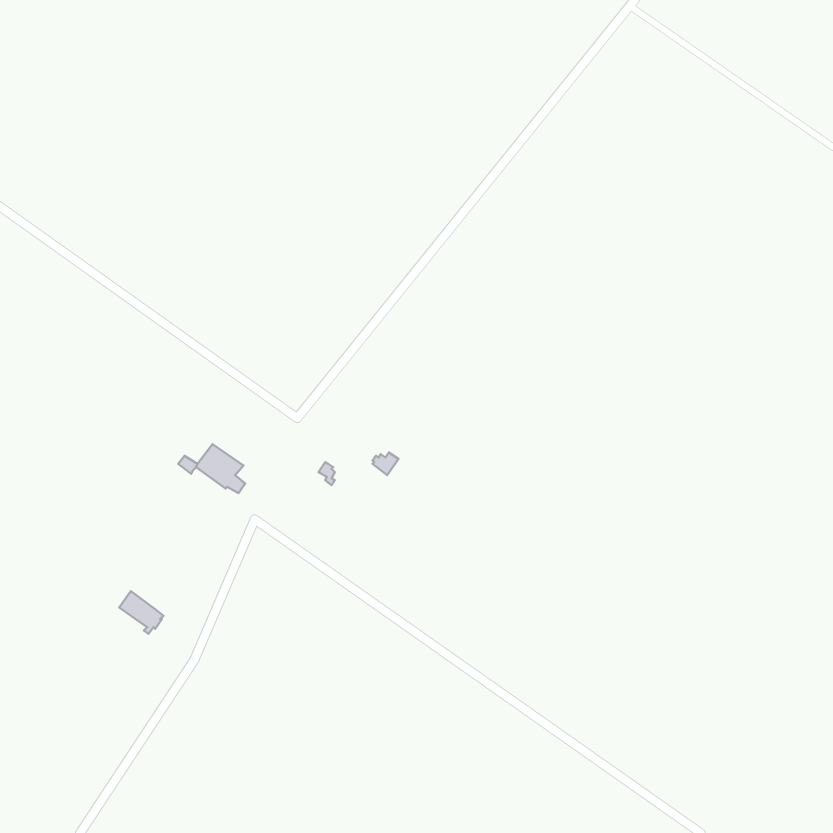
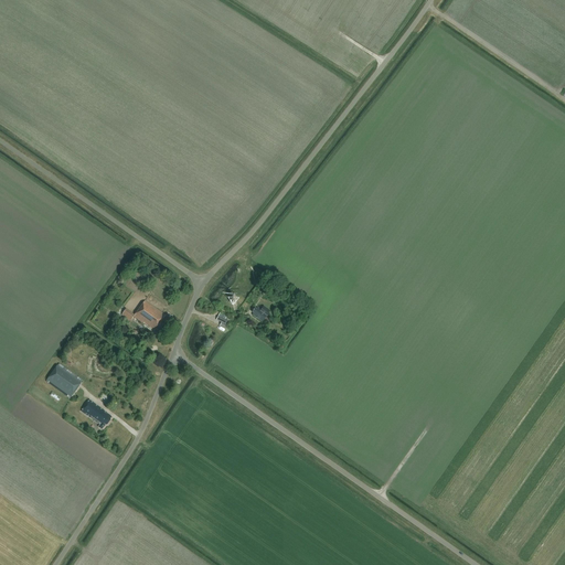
building: none -> [45,364,81,396]

